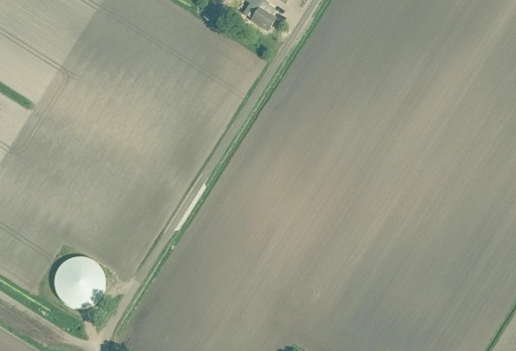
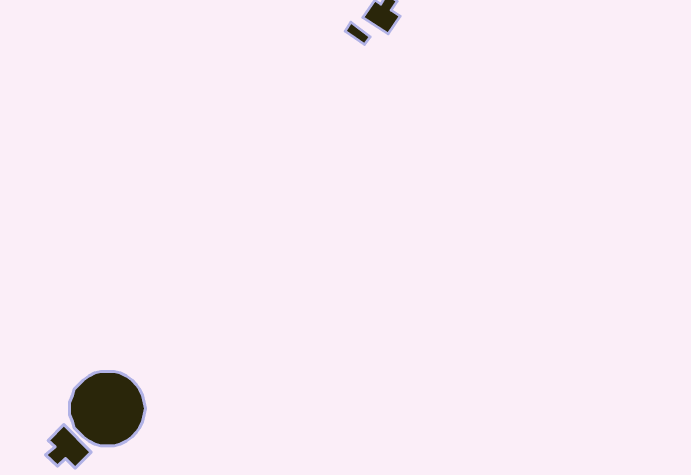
building: none -> [46,425,91,468]

